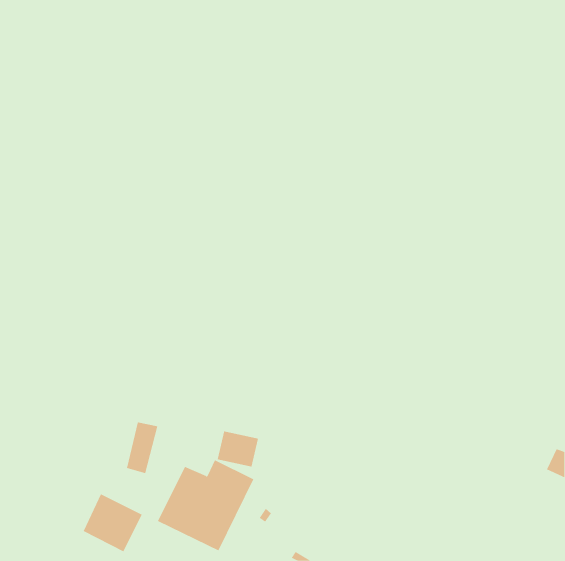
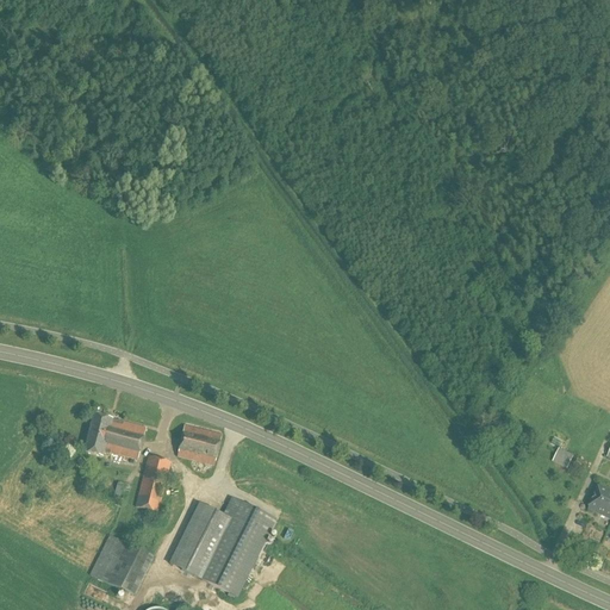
building: none -> [83,412,145,459]
building: [217,431,259,467] -> [176,424,222,463]

